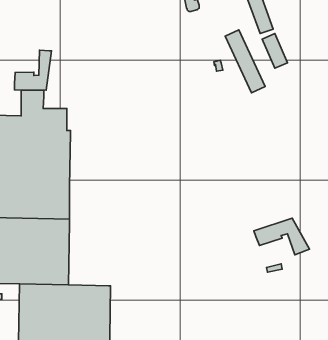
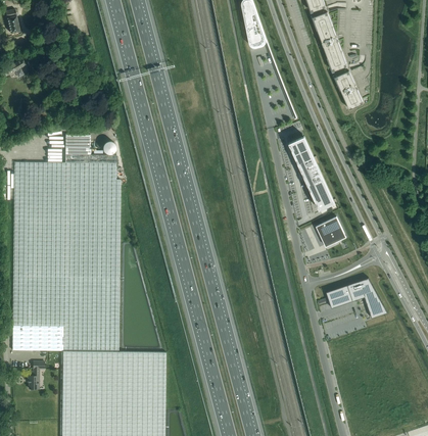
building: [225,30,265,93] -> [288,137,333,207]
building: [14,50,52,90] -> none
building: none -> [316,217,345,247]

